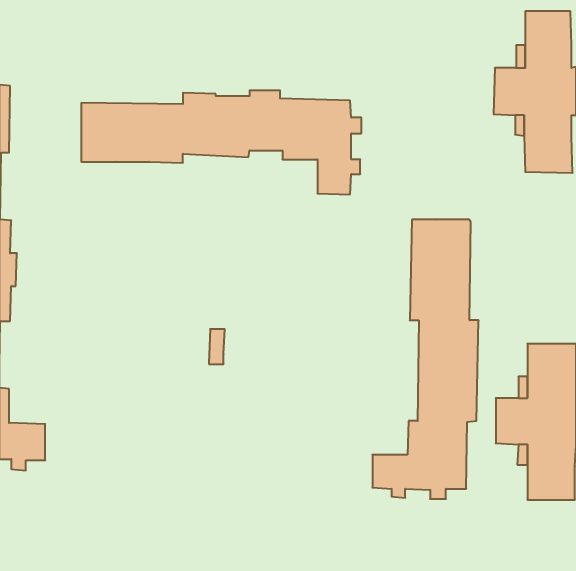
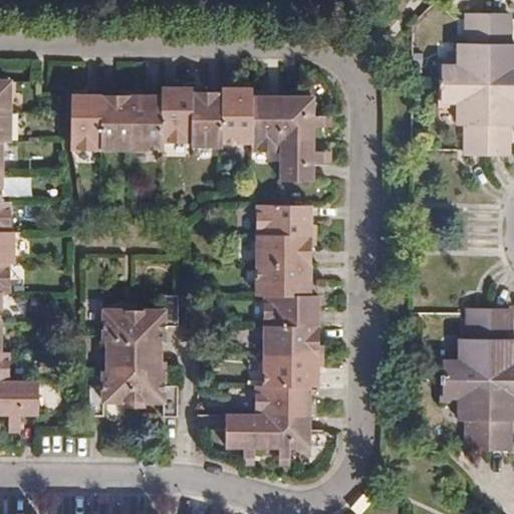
building: [372,220,479,499] -> [225,202,319,450]
building: none -> [91,297,180,417]

